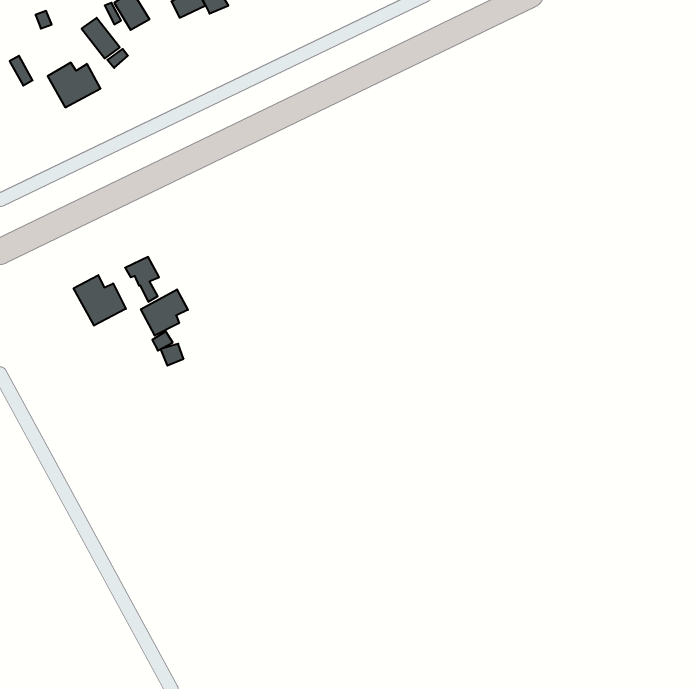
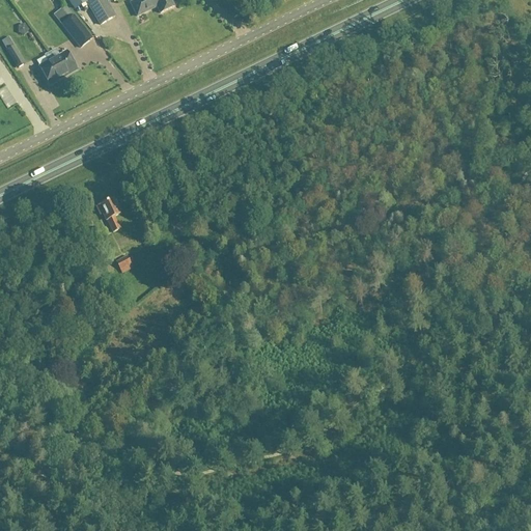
building: [74,275,126,326] -> none
building: [141,289,188,336] -> none

